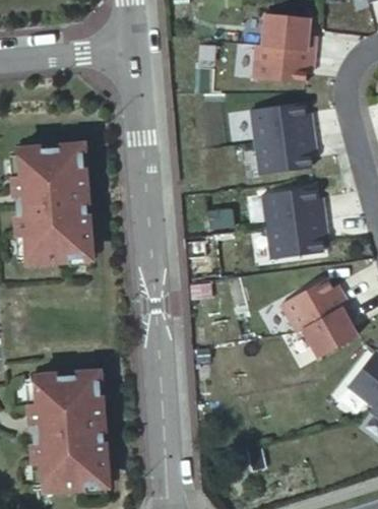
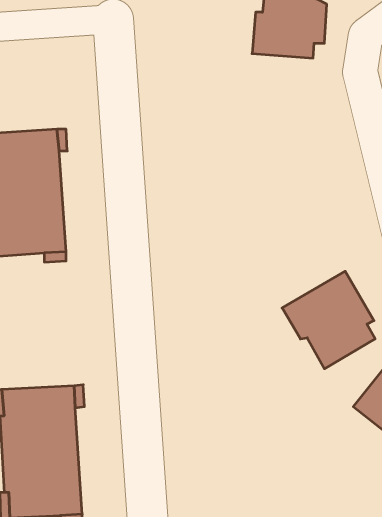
building: [252,100,320,173] -> none
building: [264,187,330,258] -> none

